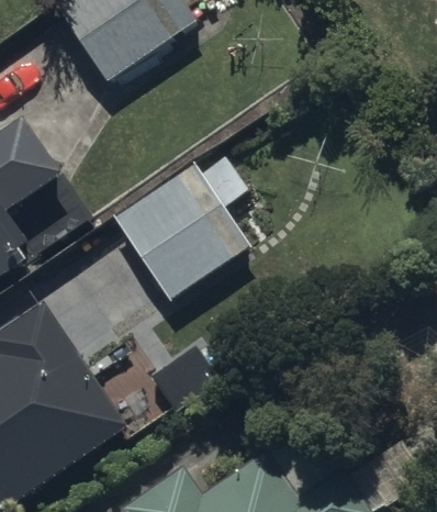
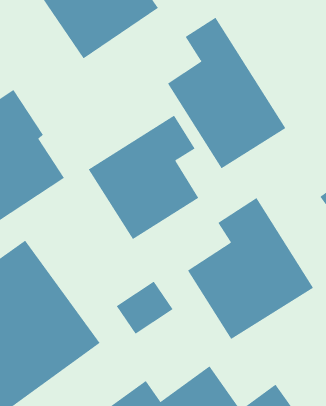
building: none -> [167,17,286,169]
building: none -> [187,197,314,340]

